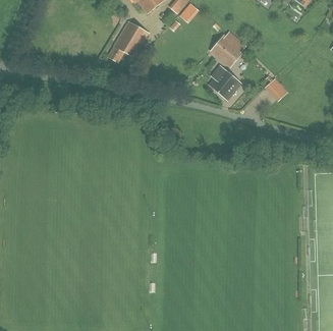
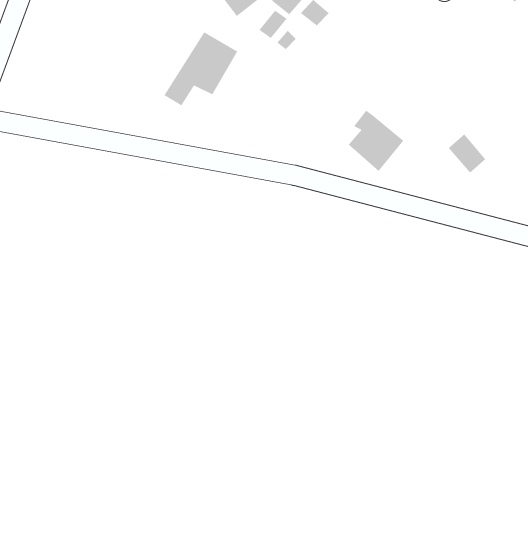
building: [210,32,244,66] -> none

